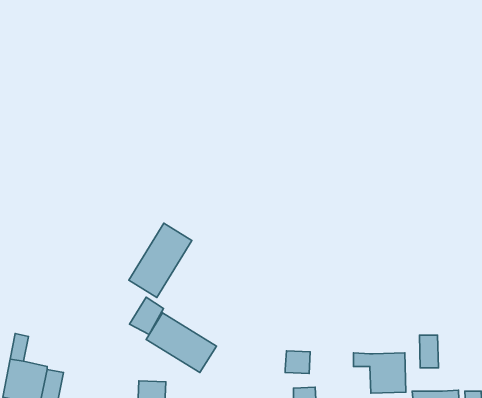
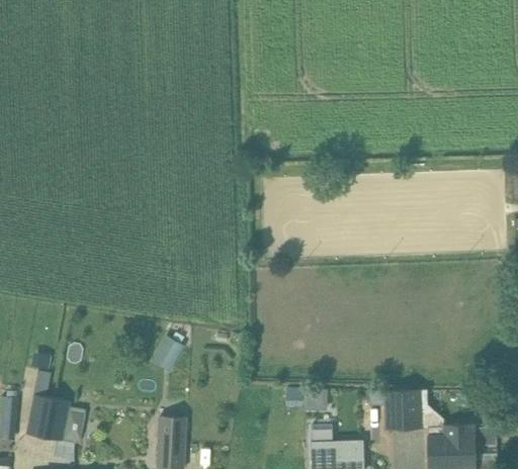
building: [129,223,192,298] -> none
building: [146,313,216,373] -> none
building: [419,335,438,368] -> none

